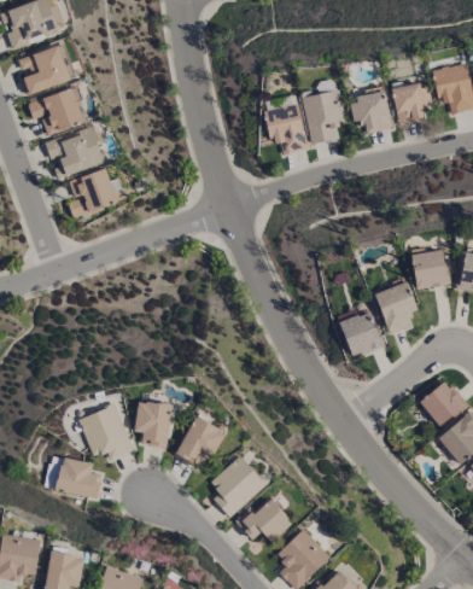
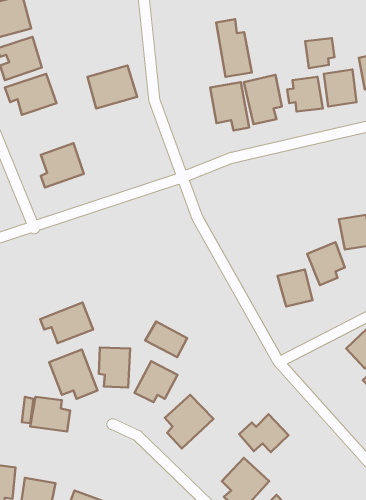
building: none -> [216,19,252,77]
building: none -> [305,38,335,68]
building: [47,127,104,176] -> [88,65,137,109]
building: none -> [40,303,93,343]
building: none -> [145,321,187,357]
building: [235,497,292,541] -> [239,414,289,452]

